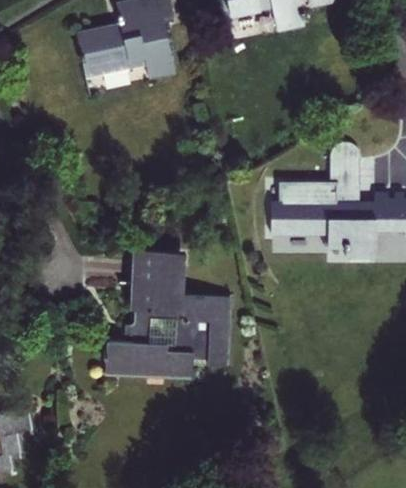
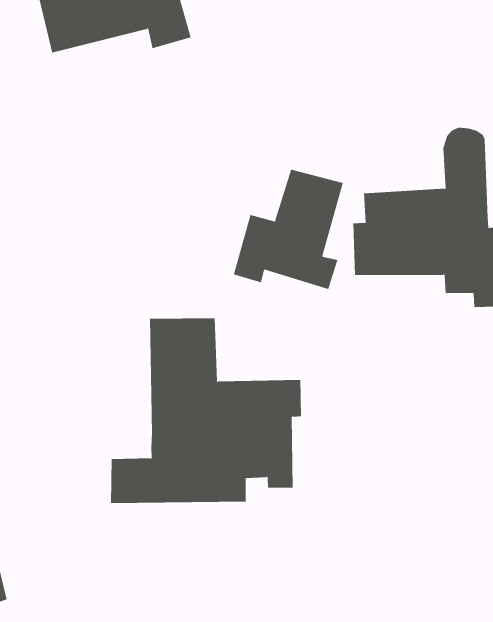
building: none -> [233,169,343,290]

